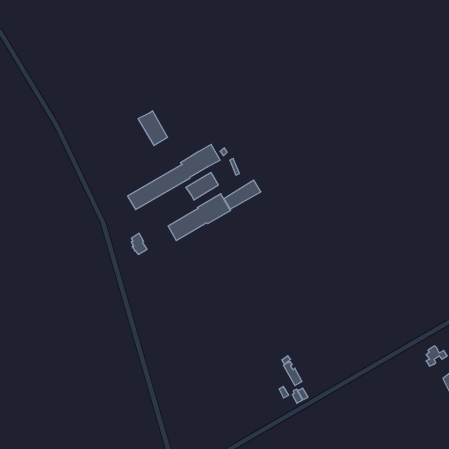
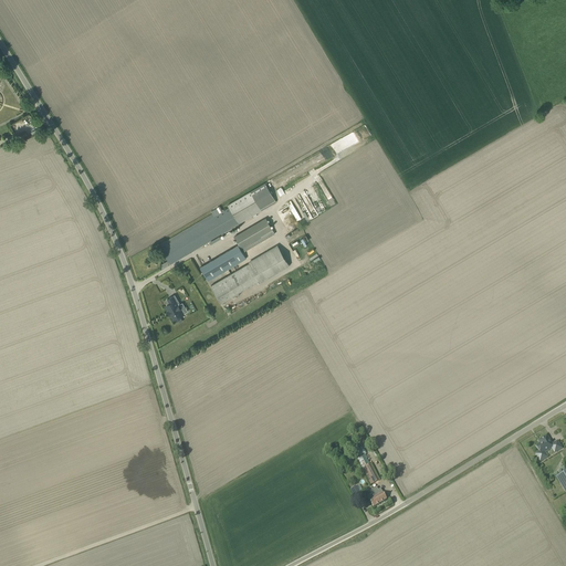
building: [138,111,168,146] -> none
building: [224,180,261,209] -> [201,243,248,280]

